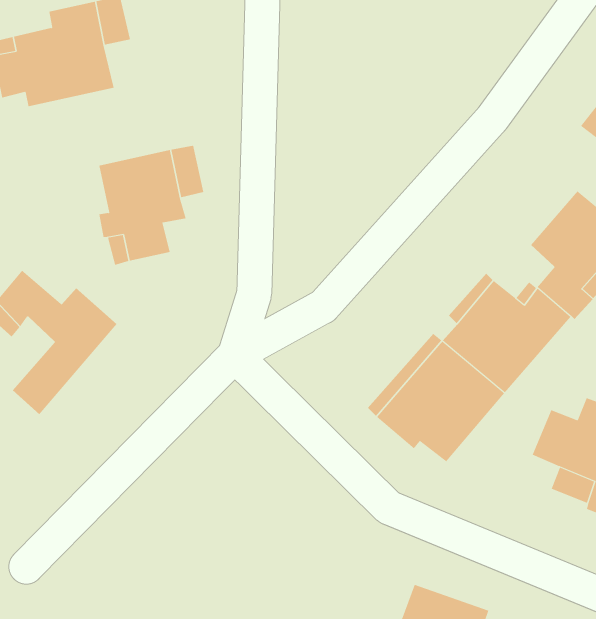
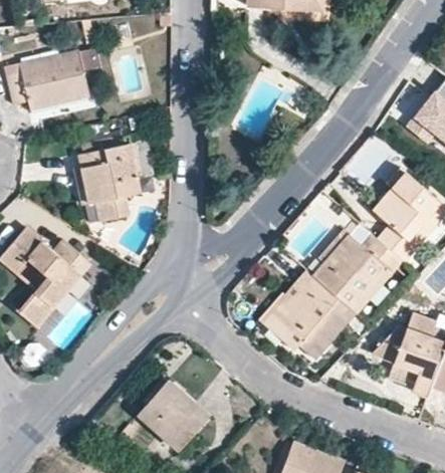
building: none -> [139,380,210,451]

